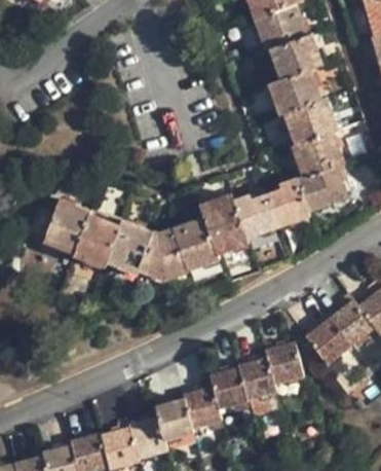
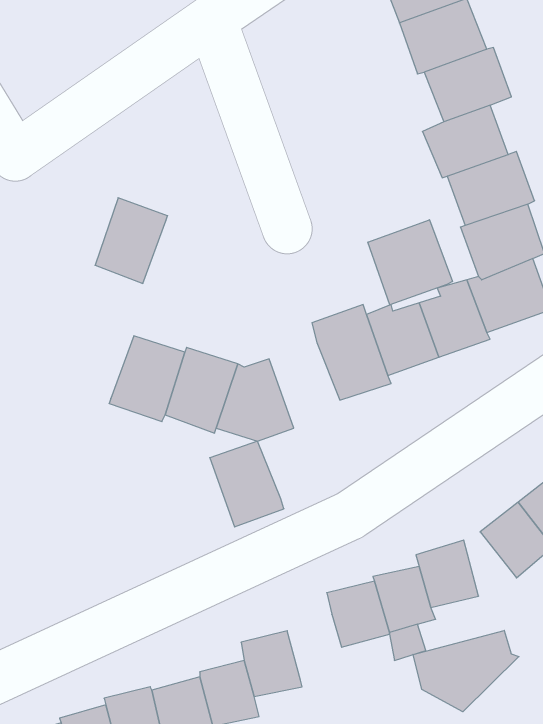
building: none -> [368,220,452,305]
building: [44,200,89,253] -> [95,198,168,283]
building: [173,218,219,271] -> [210,441,284,527]
building: [184,388,221,429] -> none
building: none -> [413,630,519,712]

